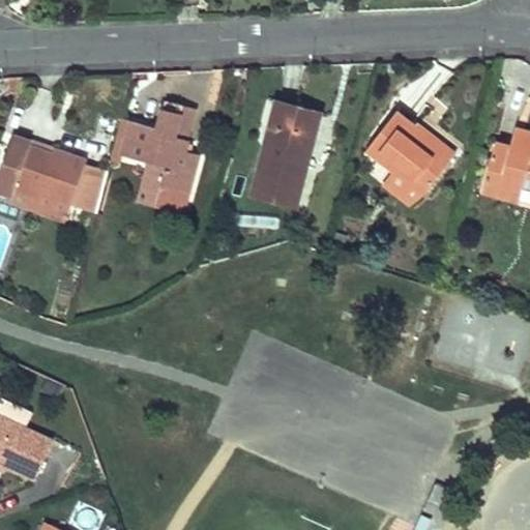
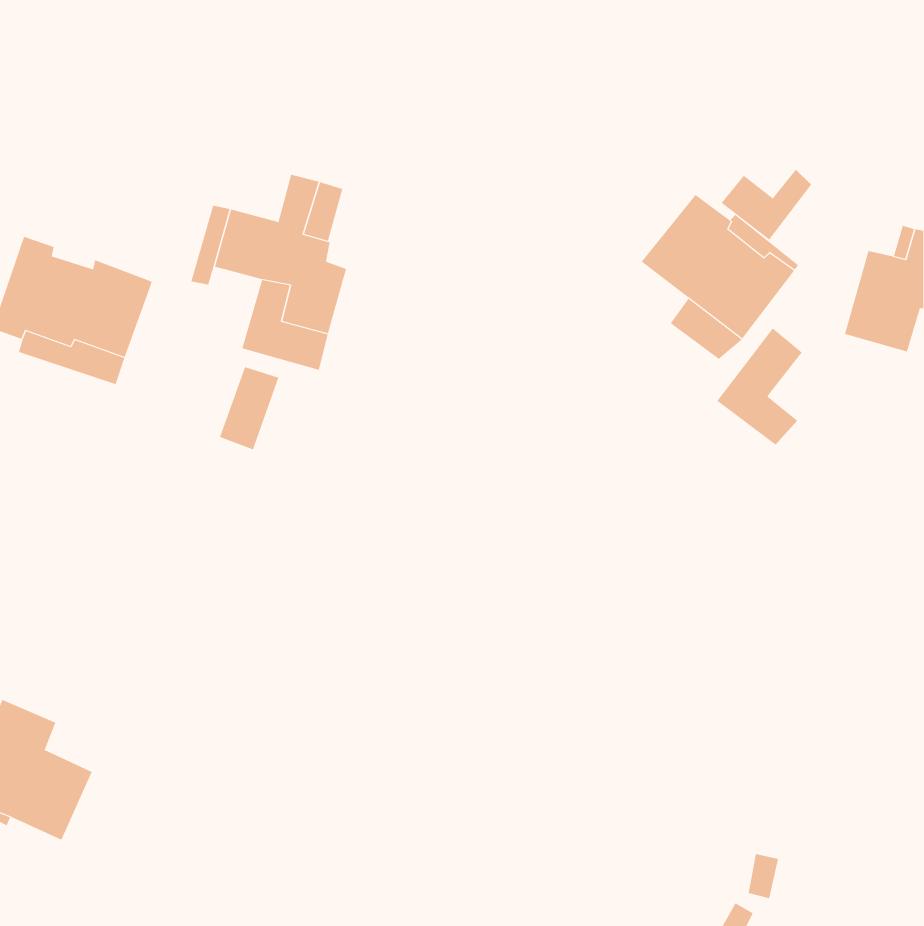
building: none -> [721,169,812,241]
building: [252,104,320,206] -> none
building: [71,165,106,212] -> [219,367,279,450]
building: none -> [717,328,803,445]

